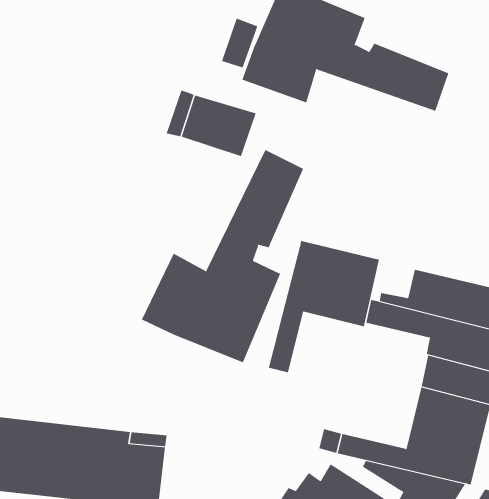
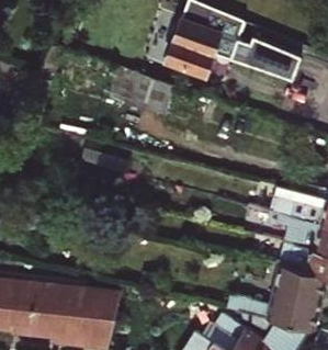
building: [141,149,304,363] -> none
building: [268,240,380,373] -> none

